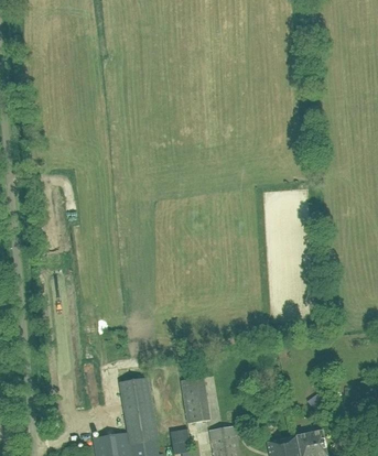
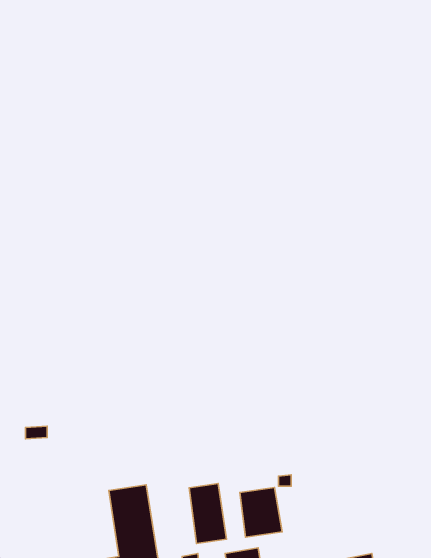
building: none -> [240,488,282,537]

